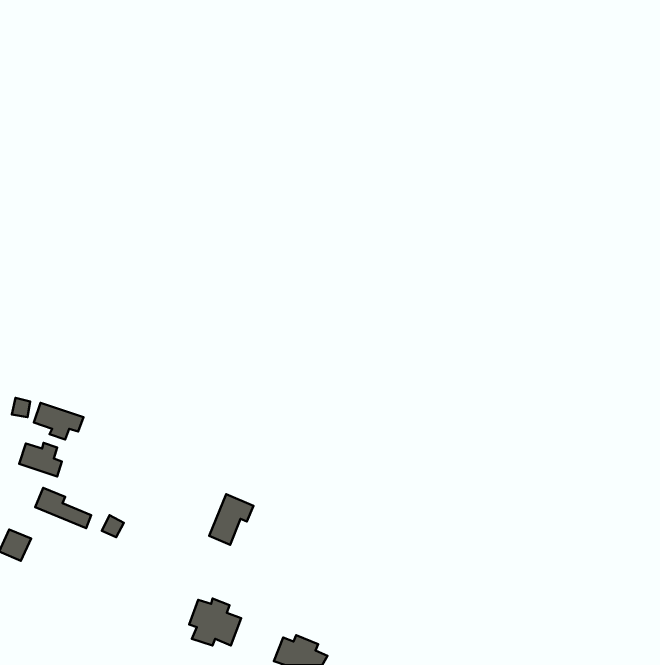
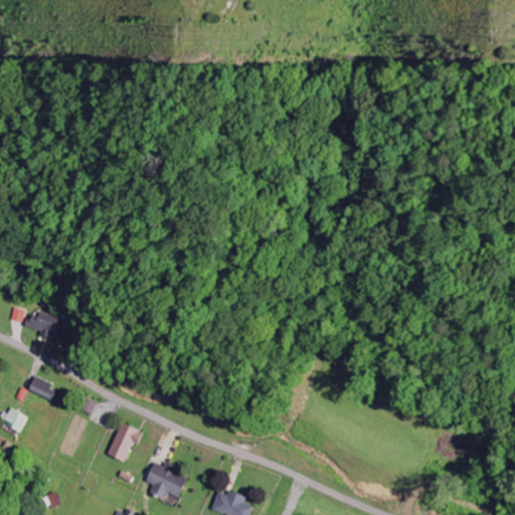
building: [19,443,62,476] -> none
building: [209,494,254,545] -> [108,422,142,462]

